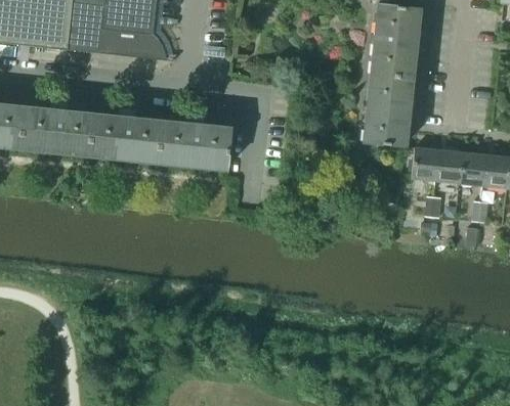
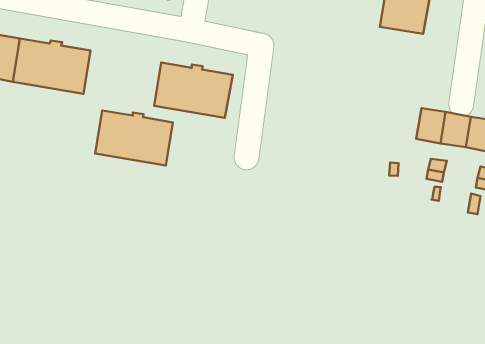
building: [363,73,412,146] -> none
building: [89,114,162,163] -> [95,110,173,166]

